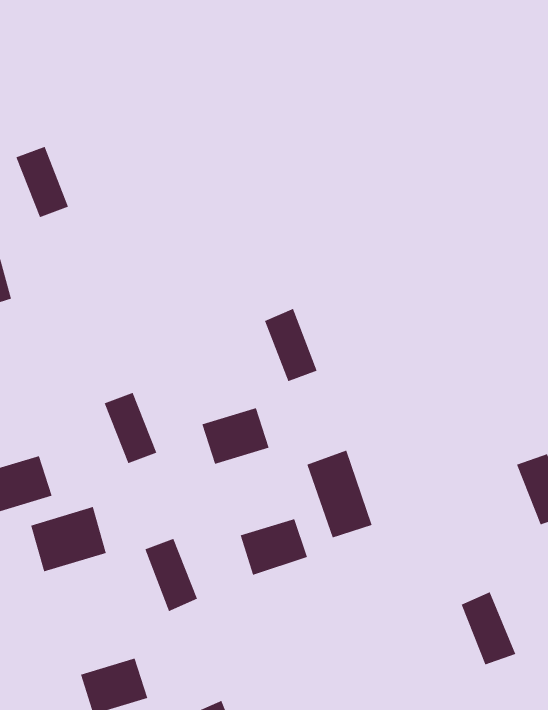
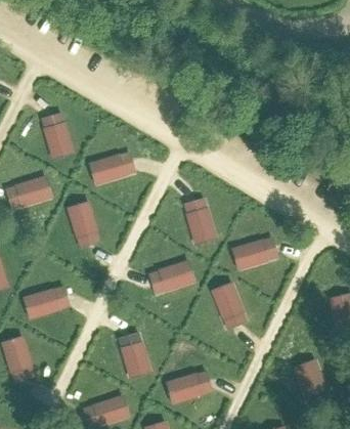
building: none -> [95,149,132,181]
building: none -> [231,231,269,263]
building: [104,392,157,464] -> [68,200,97,240]
building: [31,506,106,572] -> none
building: [240,519,308,576] -> [167,372,205,403]

